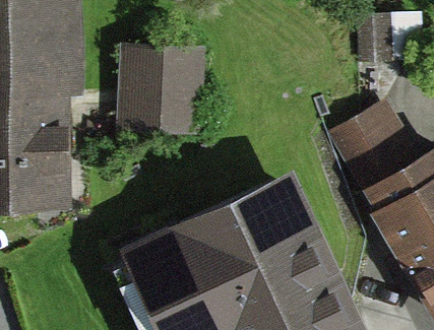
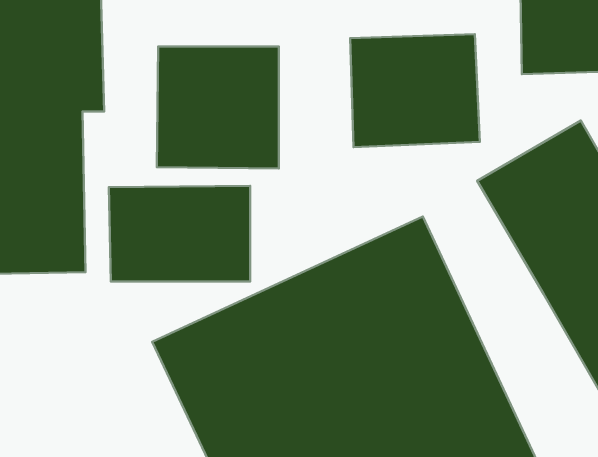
building: none -> [350,34,480,147]
building: none -> [109,186,250,282]

